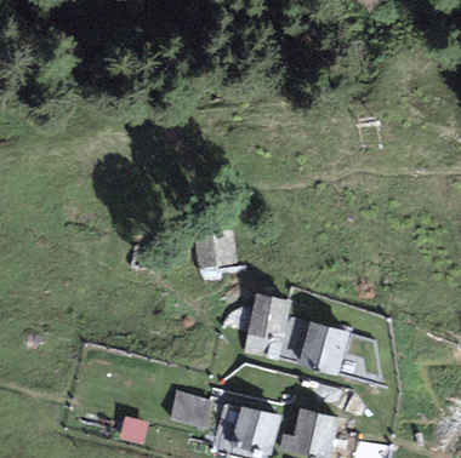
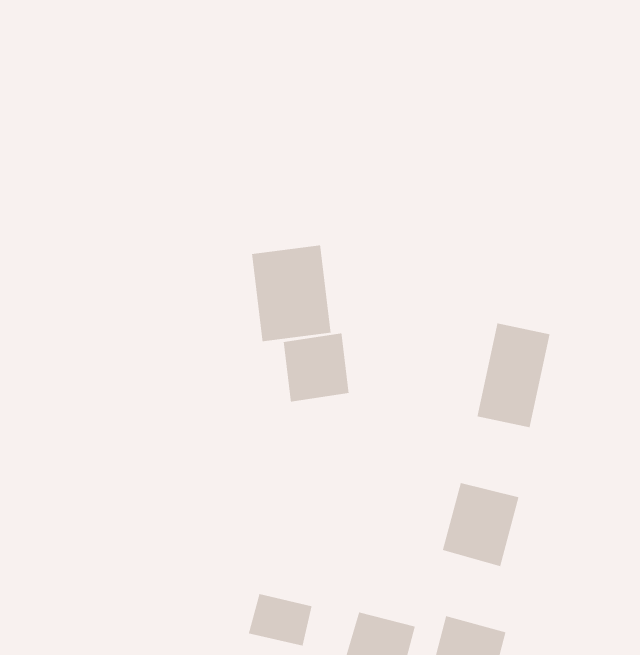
building: none -> [251,244,332,342]
building: [243,292,291,361] -> [477,323,551,428]

